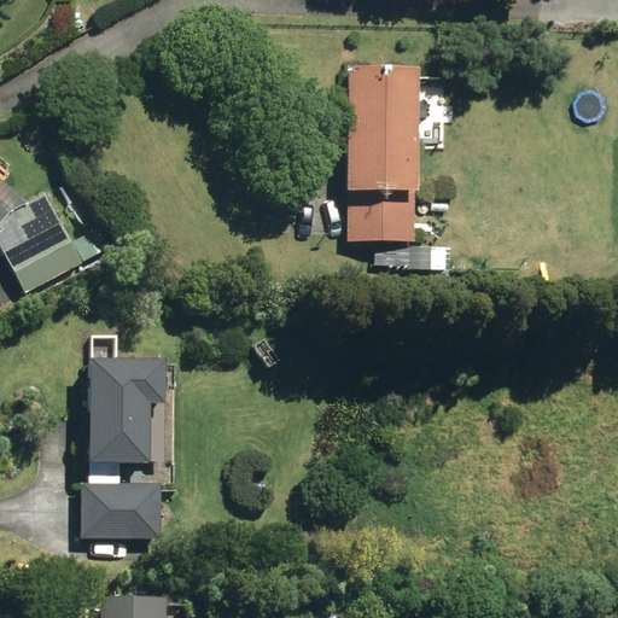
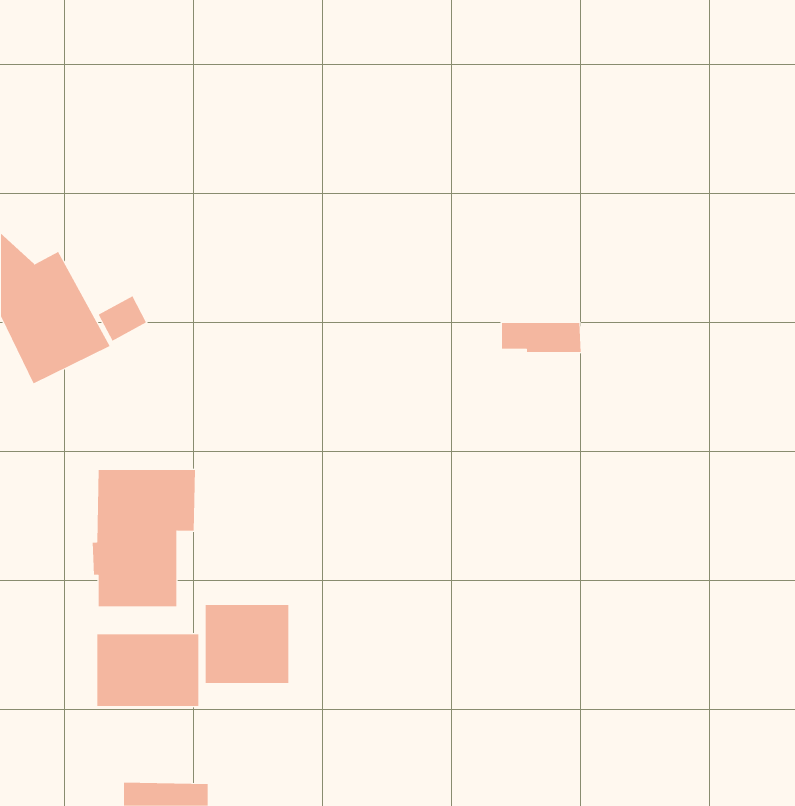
building: [334,66,416,243] -> none
building: none -> [205,604,289,684]

